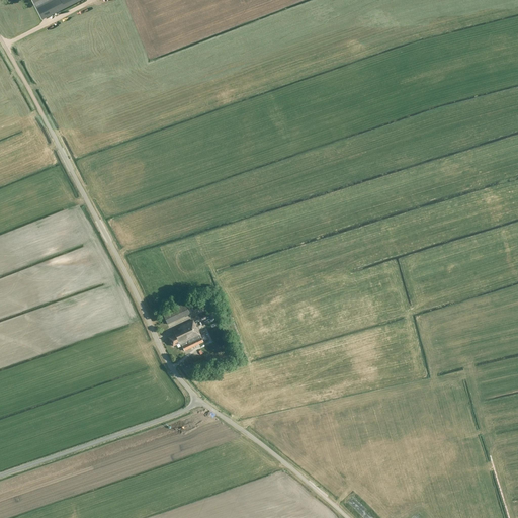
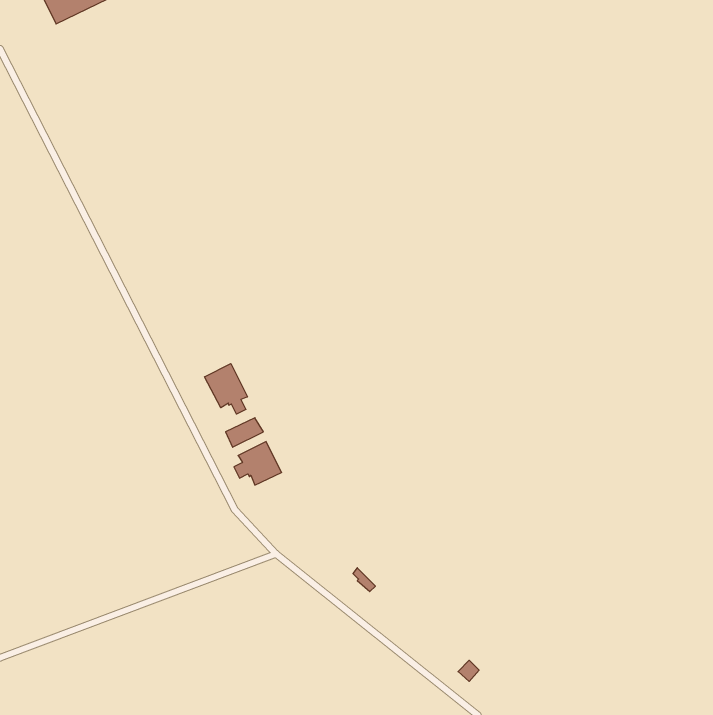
building: none -> [205,364,247,414]

